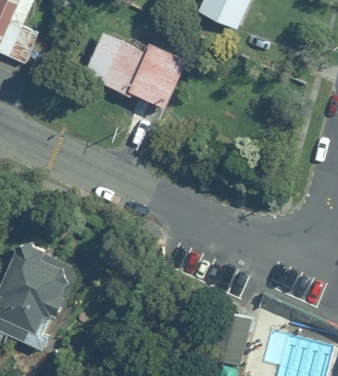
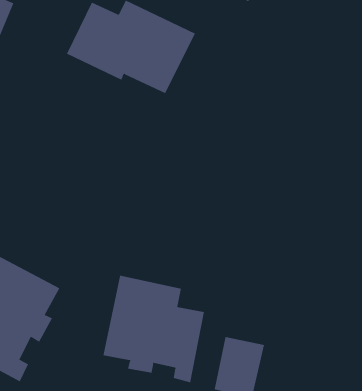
building: none -> [103,275,205,383]

